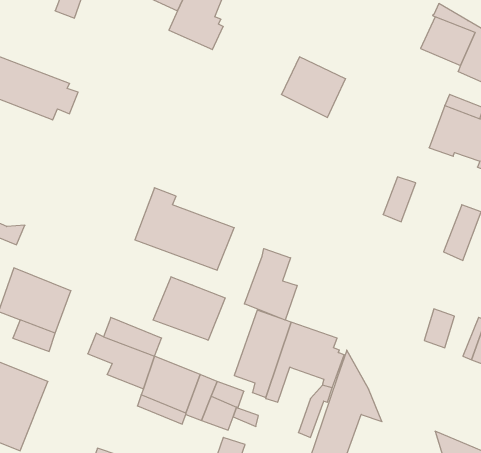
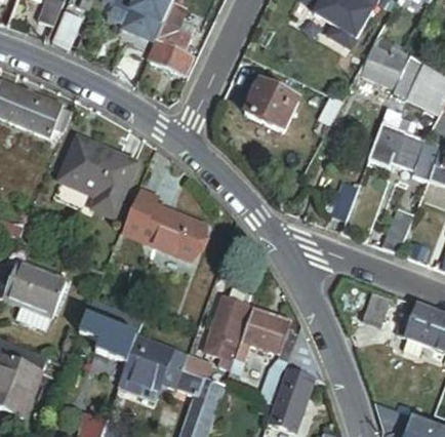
building: none -> [63,137,137,212]
building: [244,249,297,320] -> none
building: [153,277,225,340] -> none

